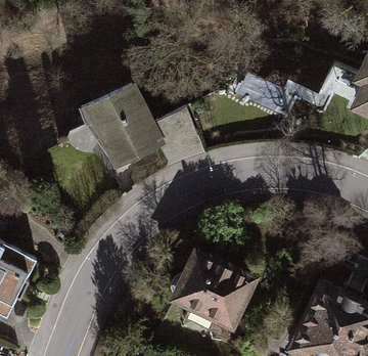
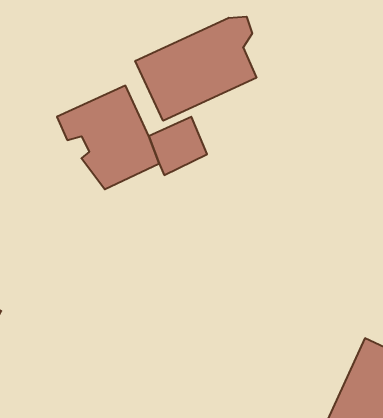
building: none -> [135,17,256,121]
building: [172,256,250,331] -> none

